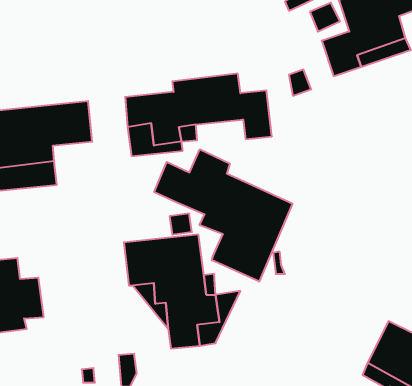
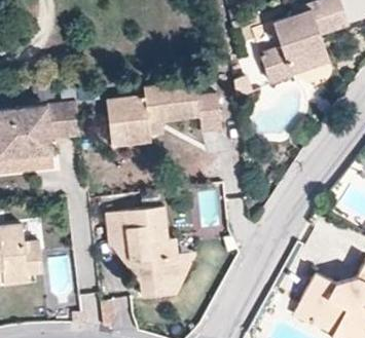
building: [154,149,292,282] -> none

